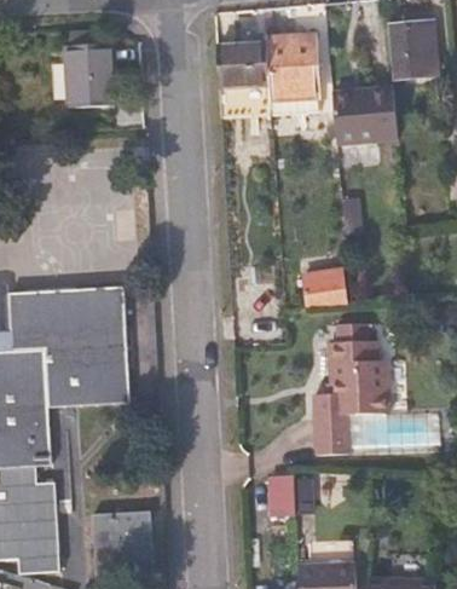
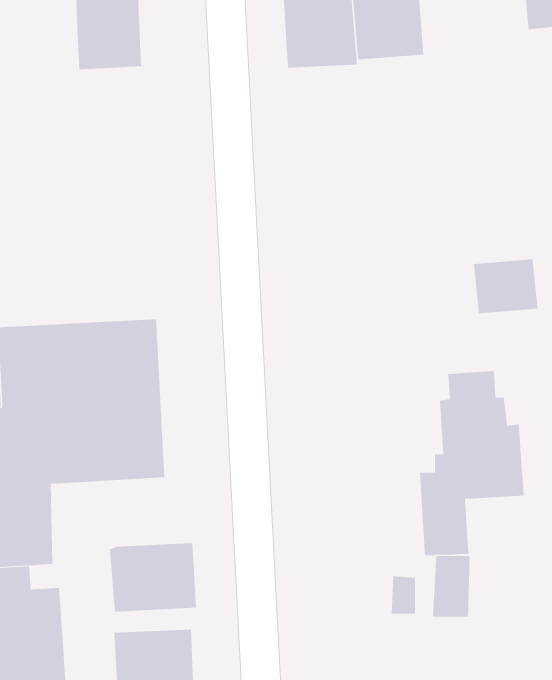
building: [331,88,399,146] -> none
building: [301,268,348,308] -> [473,259,538,314]
building: none -> [109,543,197,613]
building: [265,470,293,515] -> [432,555,470,617]

